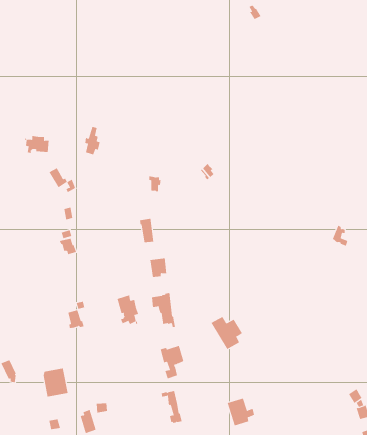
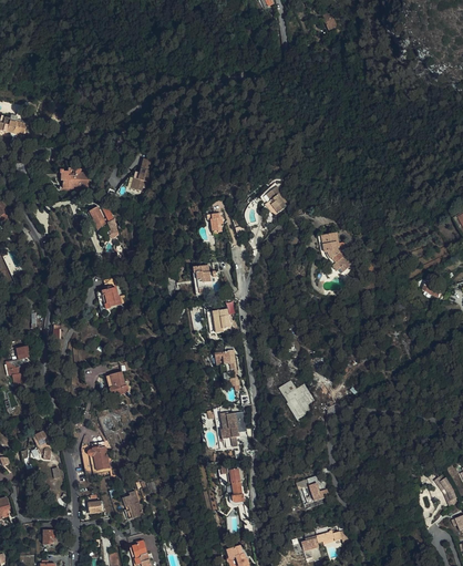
building: none -> [317,233,353,271]
building: [117,295,139,325] -> none

